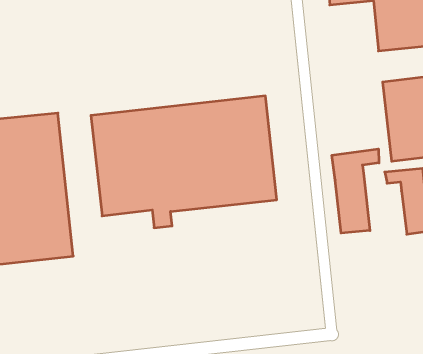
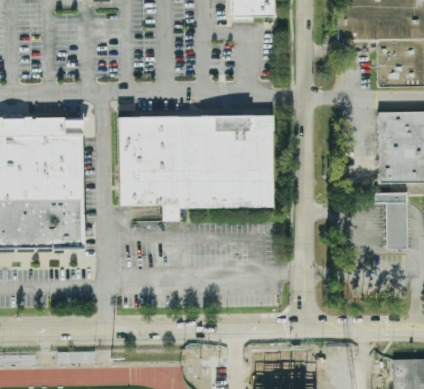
building: [332,149,379,233] -> none

